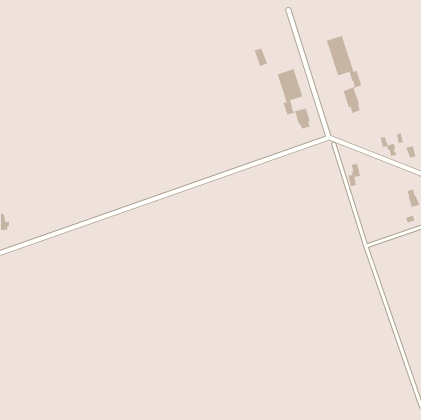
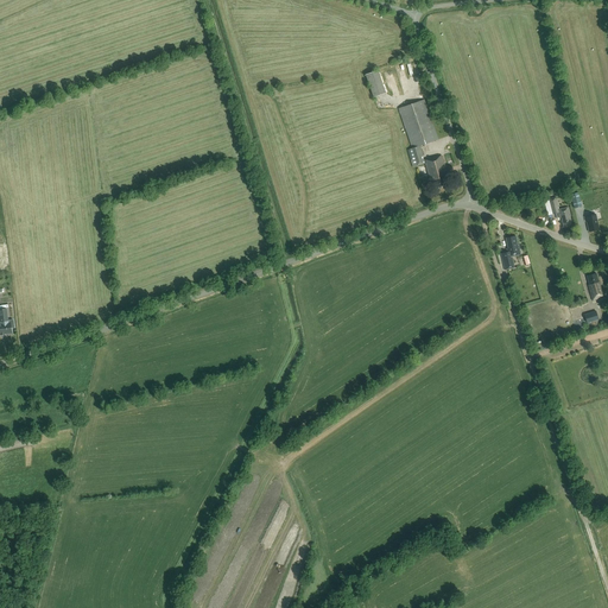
building: [326,35,362,114] -> none

